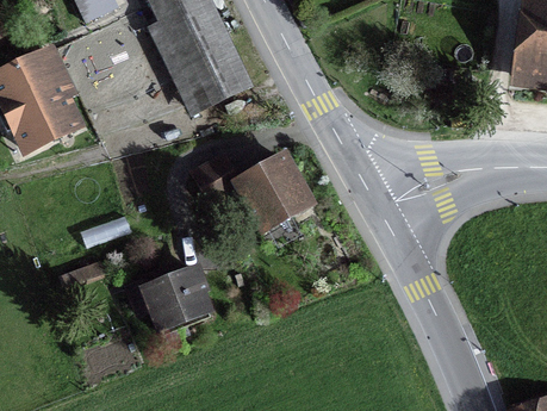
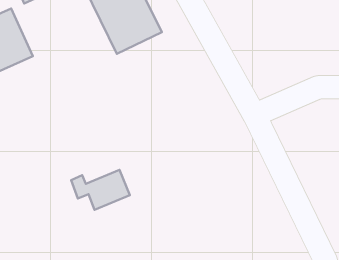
building: [193,161,306,232] -> none

